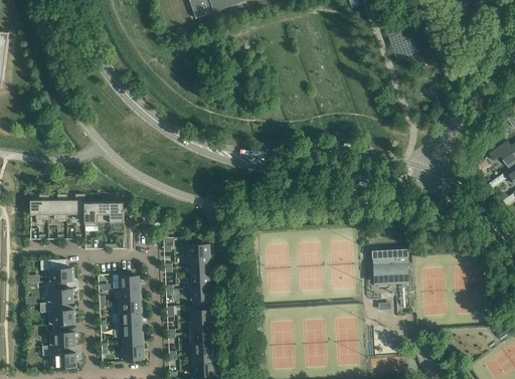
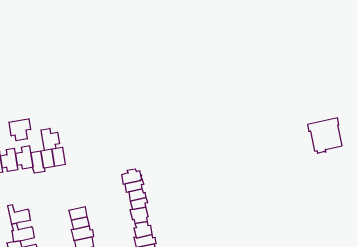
building: none -> [9,119,31,141]
building: none -> [41,128,59,150]
building: [372,248,408,286] -> [308,118,342,153]

